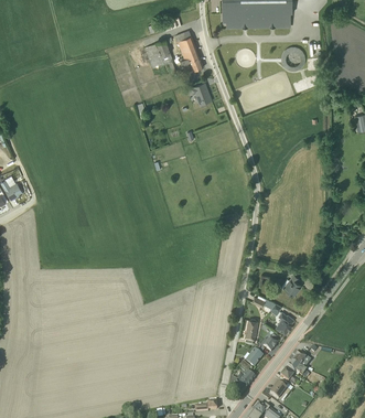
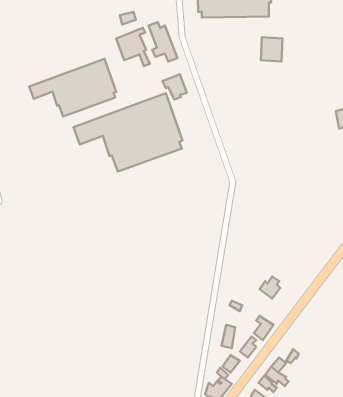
building: none -> [29,59,116,116]
building: none -> [73,93,183,172]

